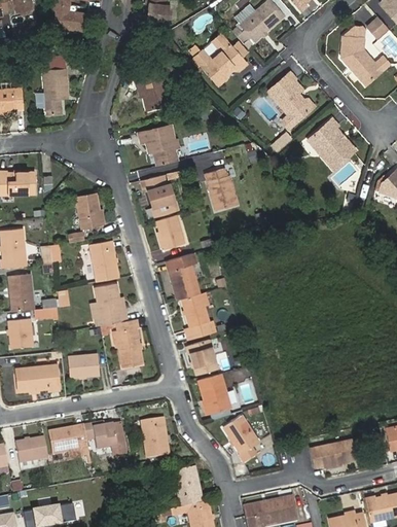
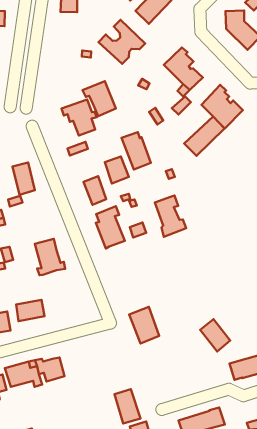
building: [134,71,171,111] -> [83,81,116,116]
building: none -> [184,116,225,156]
building: [150,184,177,215] -> [105,156,129,184]
building: [93,240,119,281] -> none
building: [182,292,216,340] -> [155,196,186,237]
building: [117,319,143,366] -> none
building: [188,339,218,374] -> none
building: [224,415,258,453] -> [200,319,230,351]
building: [140,417,169,458] -> none

